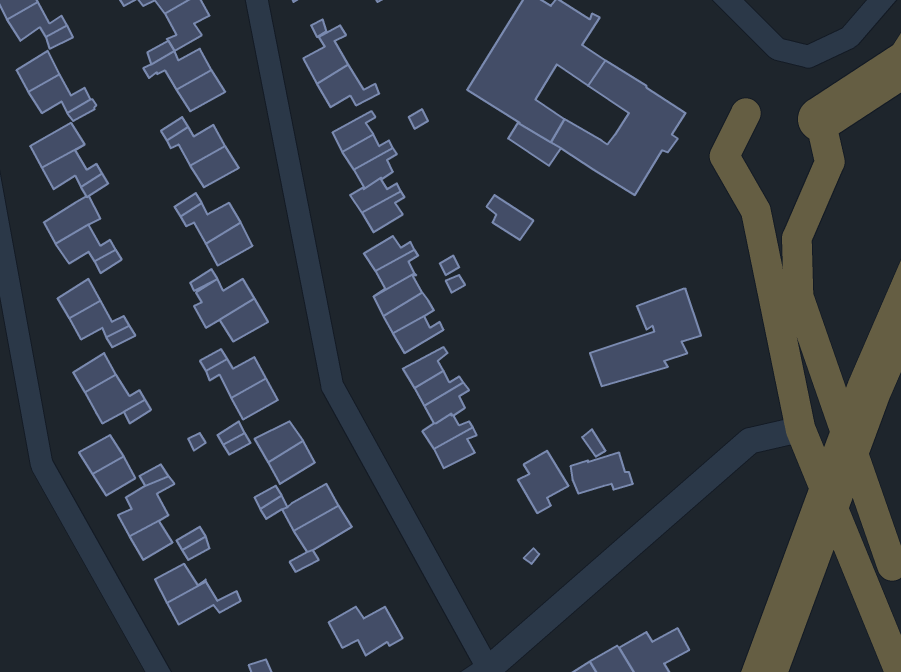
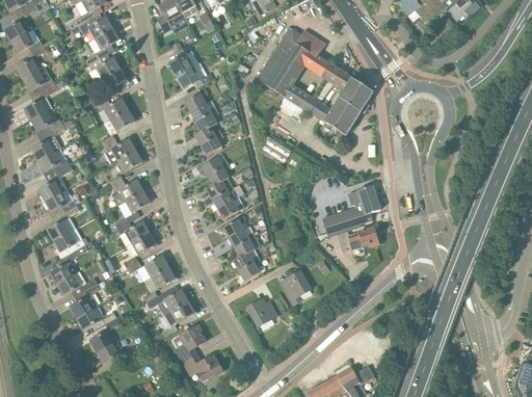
building: [570,453,633,494] -> [348,227,381,248]
building: none -> [247,297,276,325]
building: none -> [176,324,205,362]

